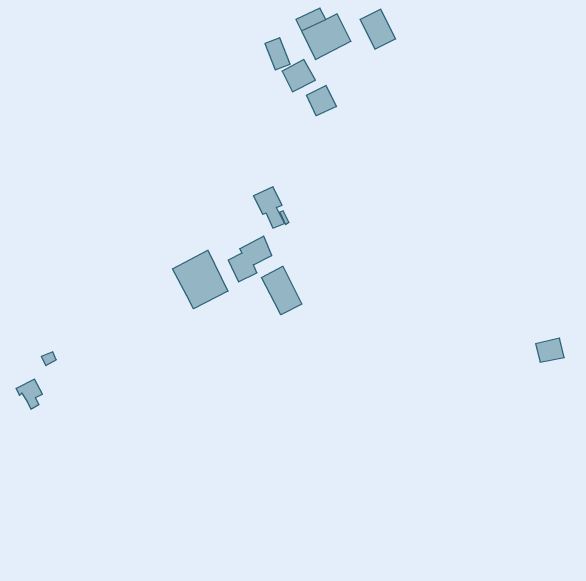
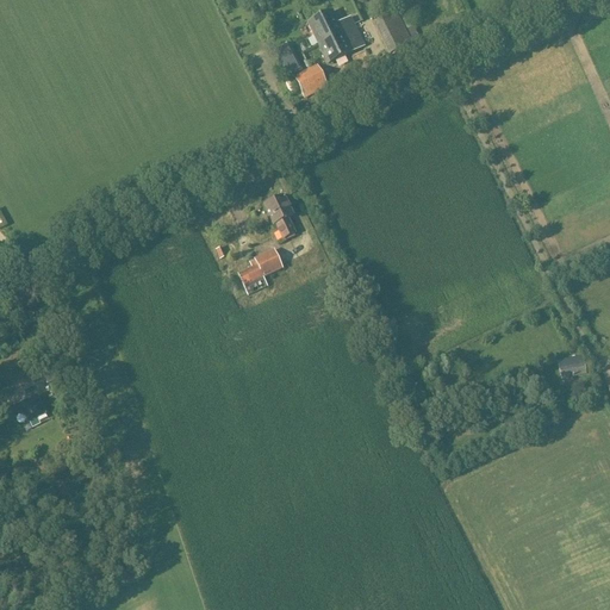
building: [306,85,336,116] -> none
building: [173,250,228,309] -> none
building: [261,266,302,315] -> none

